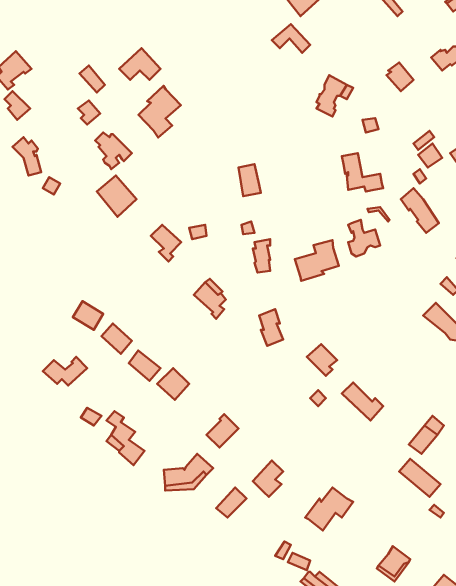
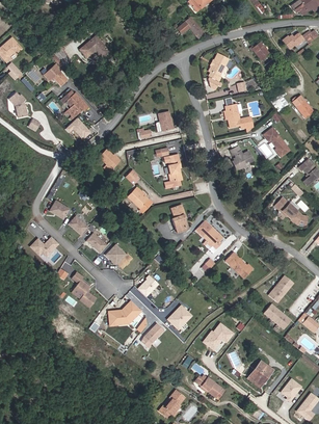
building: [139,86,181,137] -> none
building: [295,240,339,281] -> none

